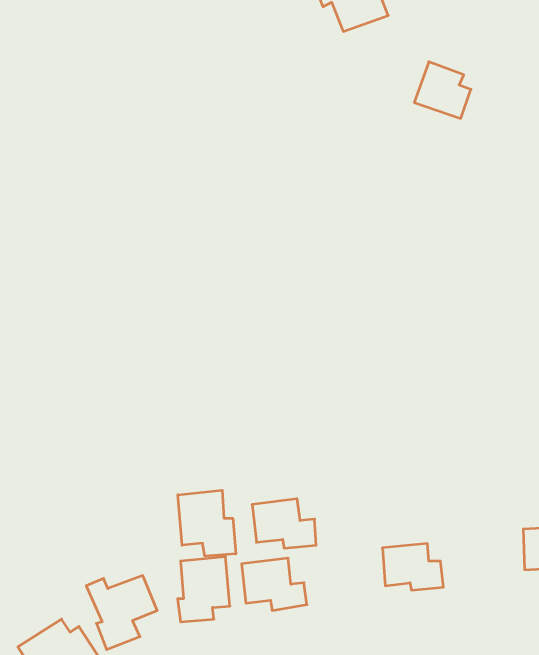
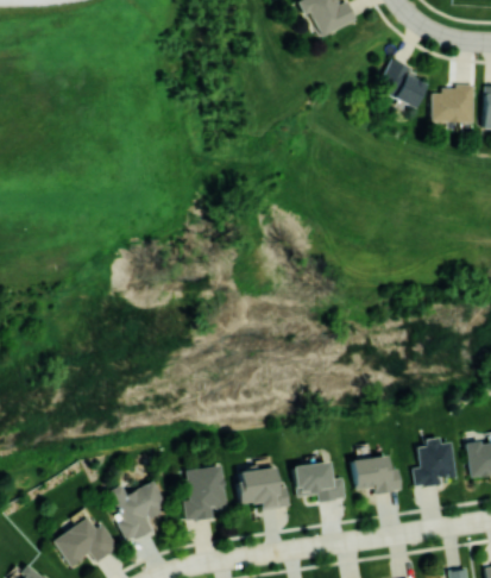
building: none -> [430,86,474,122]
building: [178,490,236,556] -> none
building: [252,499,316,548] -> [292,461,345,502]
building: none -> [413,438,455,486]

